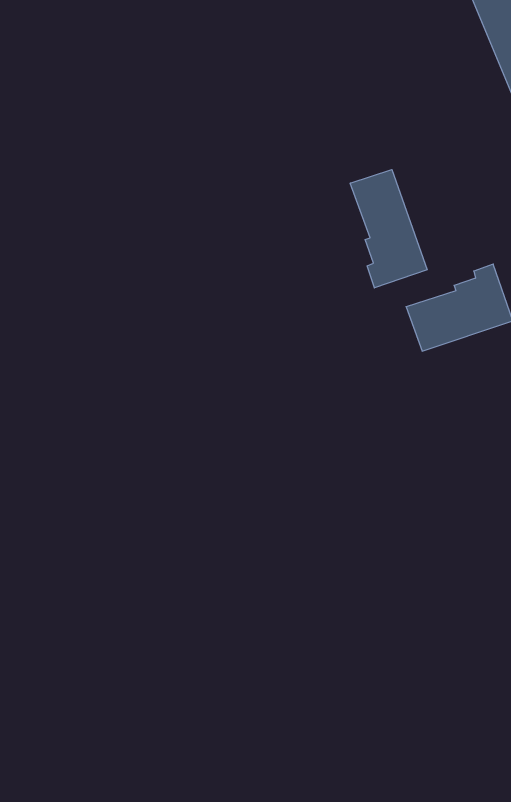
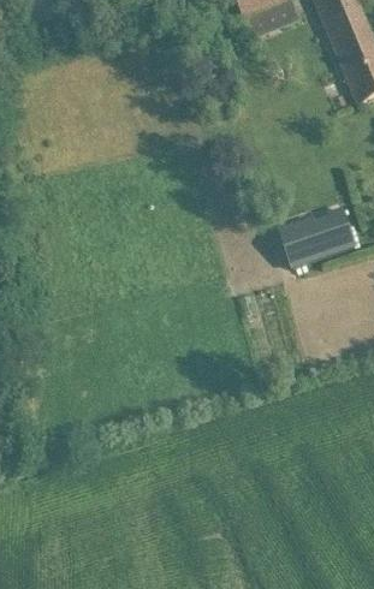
building: [350,170,427,288] -> none

